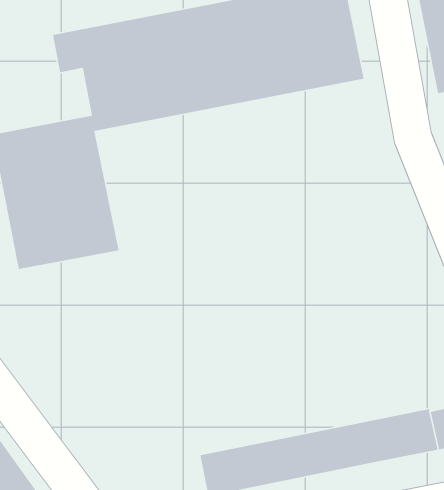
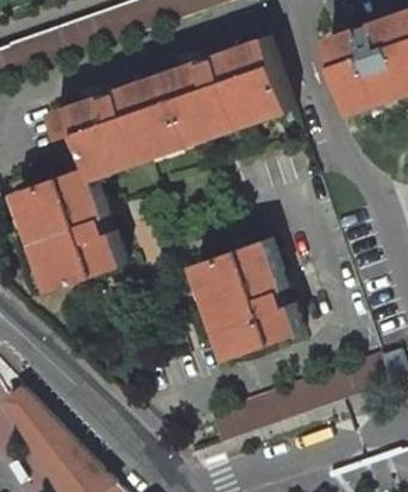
building: none -> [190,239,297,359]

